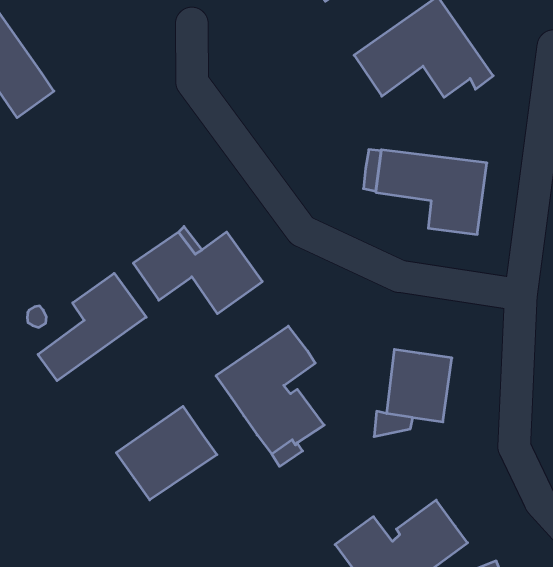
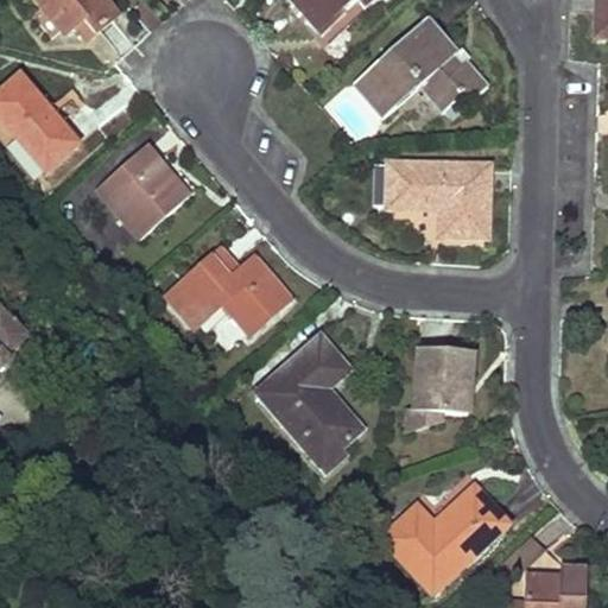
building: none -> [97,148,189,236]
building: [38,273,146,381] -> none
building: [116,406,217,500] -> none

